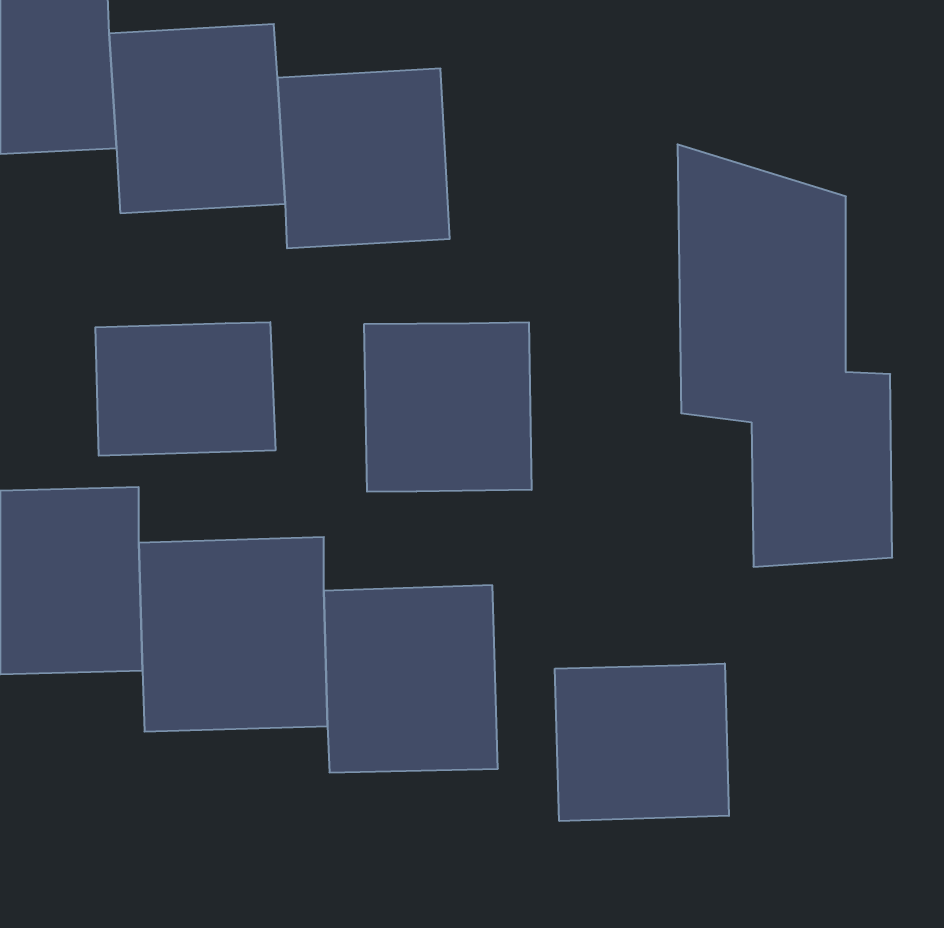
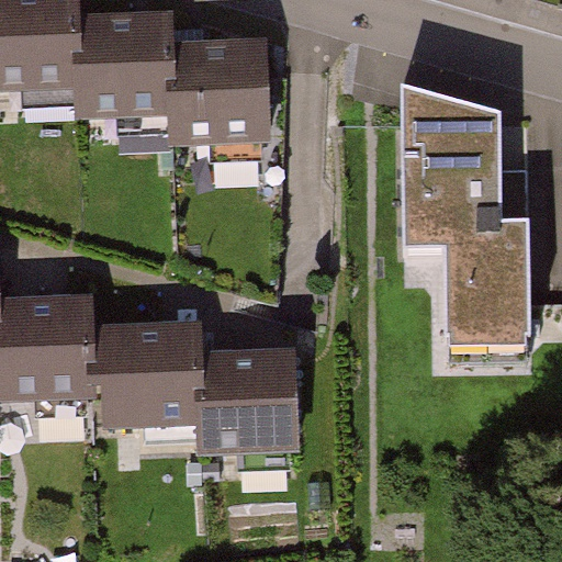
building: [95,322,275,456] -> none
building: [364,322,532,492] -> none
building: [555,663,729,821] -> none

